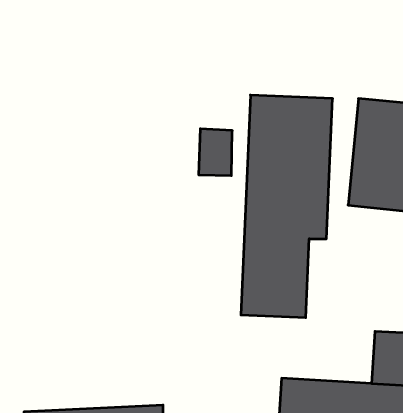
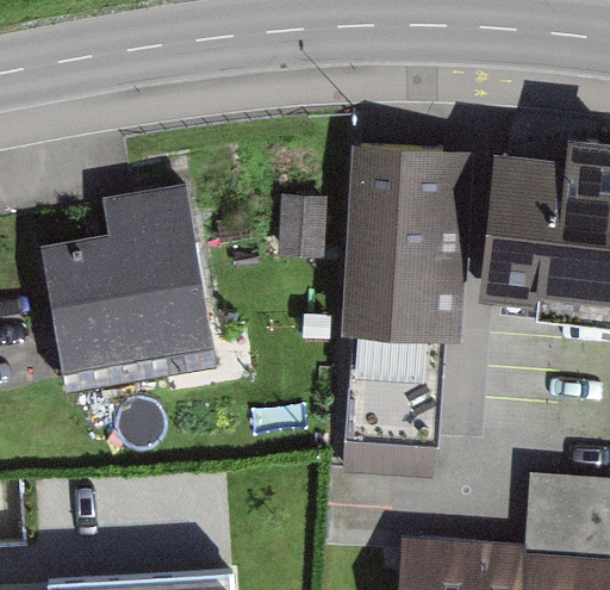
building: none -> [48,184,212,371]

